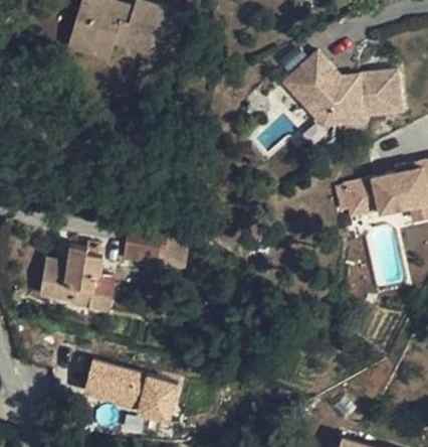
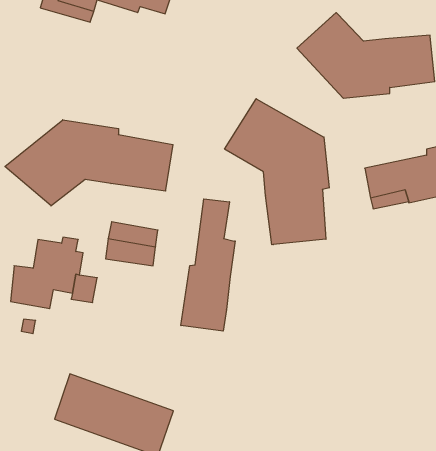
building: none -> [225,99,329,245]
building: none -> [5,120,173,206]
building: none -> [181,199,235,331]

